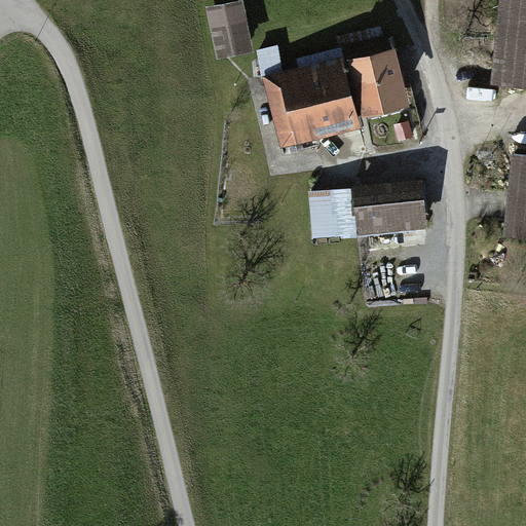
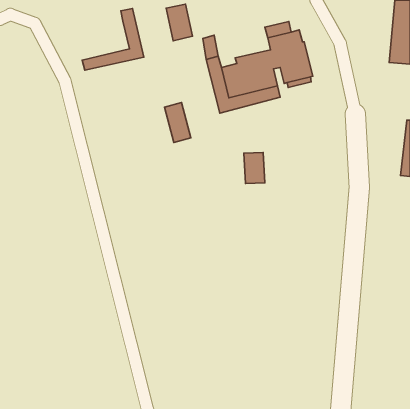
building: none -> [82,8,144,70]
building: none -> [165,103,191,143]
building: [358,185,422,226] -> none

